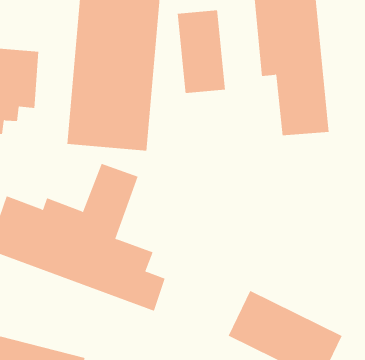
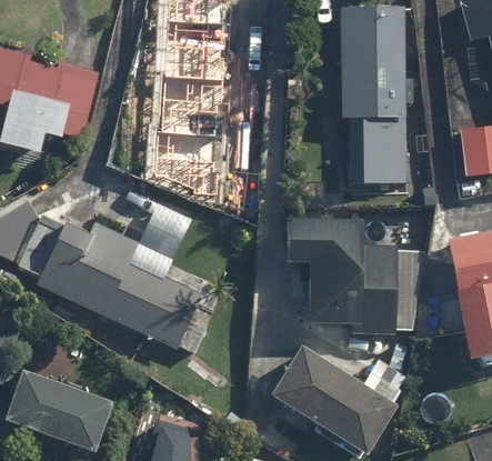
building: [177,10,226,94] -> none
building: none -> [284,216,401,333]

